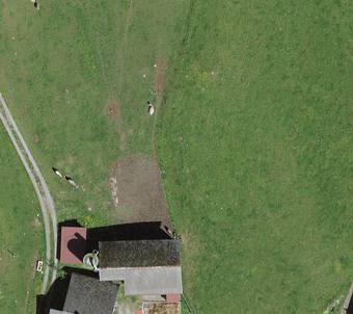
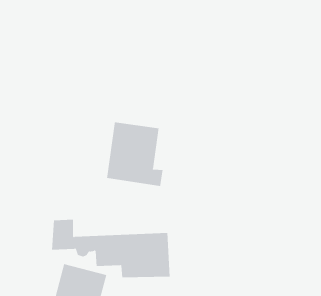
building: none -> [107,122,163,187]

